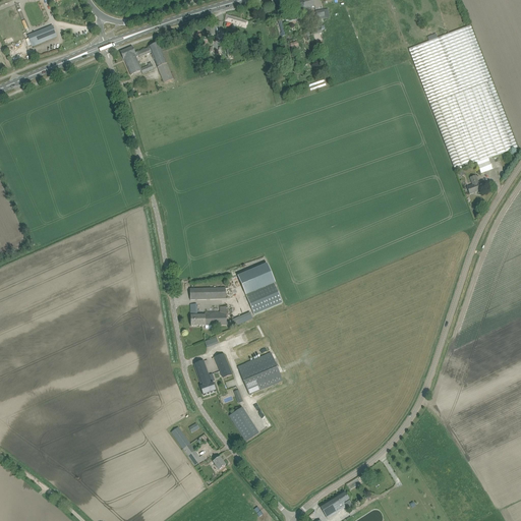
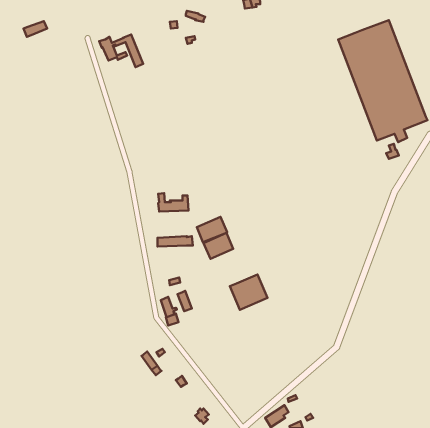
building: [190,302,227,325] -> [158,193,188,212]
building: [237,351,283,394] -> [230,274,268,310]
building: [229,406,258,440] -> none

